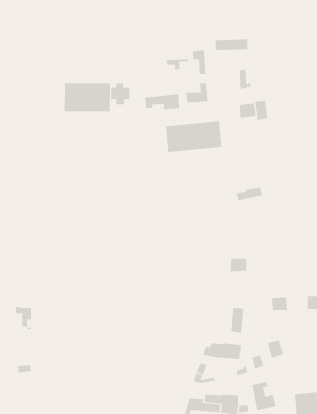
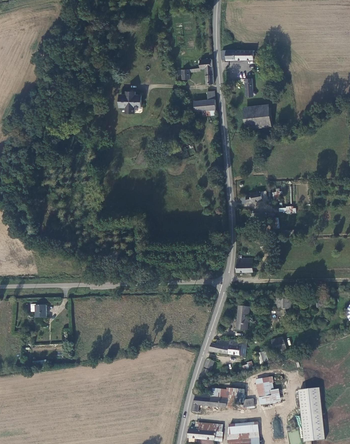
building: [64,82,110,112] -> none
building: [144,94,180,110] -> none
building: [165,120,222,153] -> none

